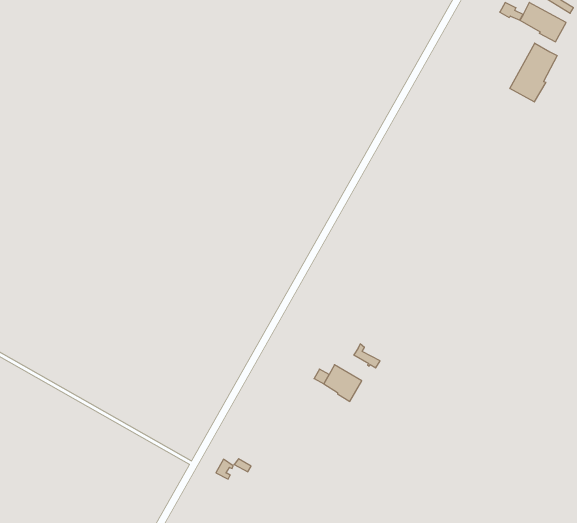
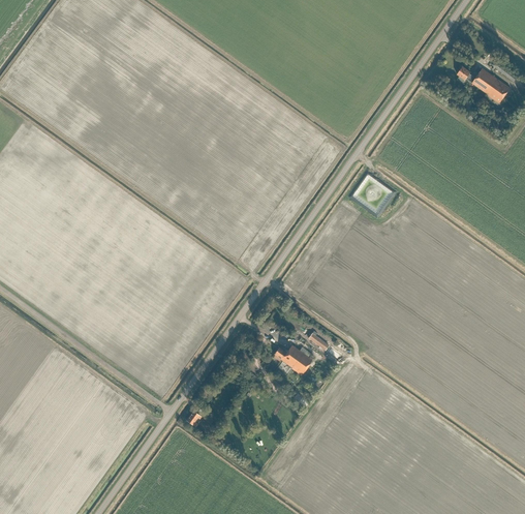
building: [510,43,557,102] -> none

